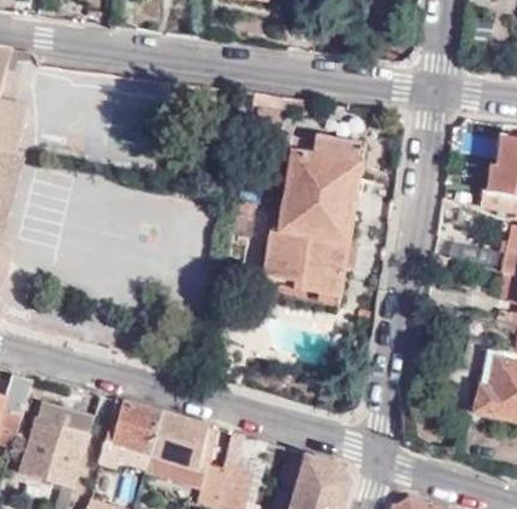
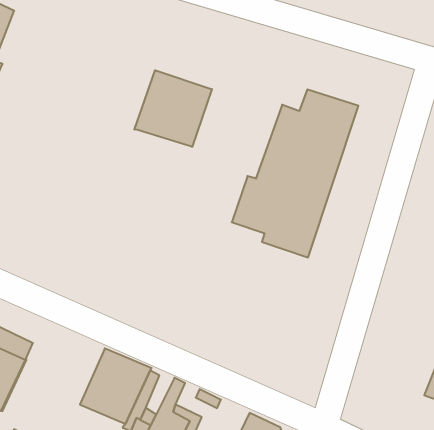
building: none -> [134,70,212,147]
building: [96,401,160,471] -> none

